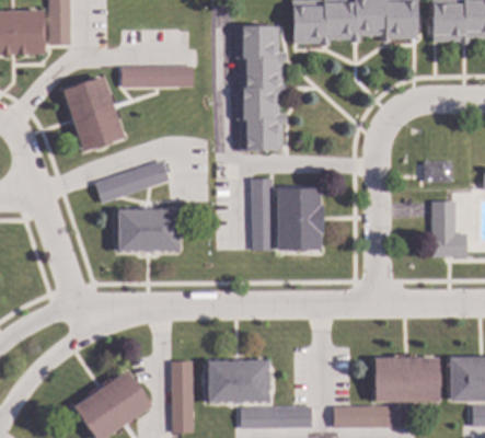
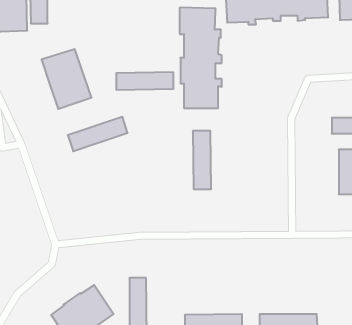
building: [122,66,193,88] -> [116,72,173,90]
building: [277,188,323,251] -> none
building: [118,209,178,251] -> none
building: [374,358,440,402] -> none
building: [208,360,268,402] -> none

